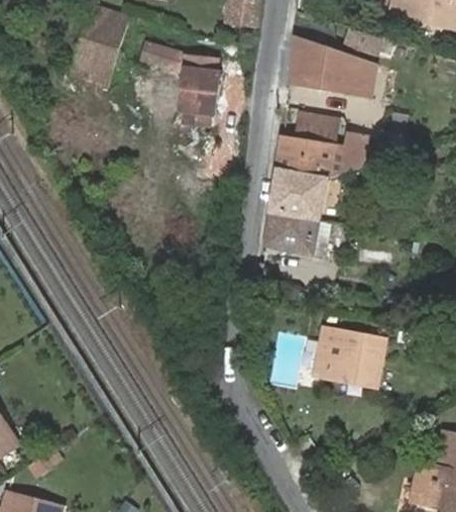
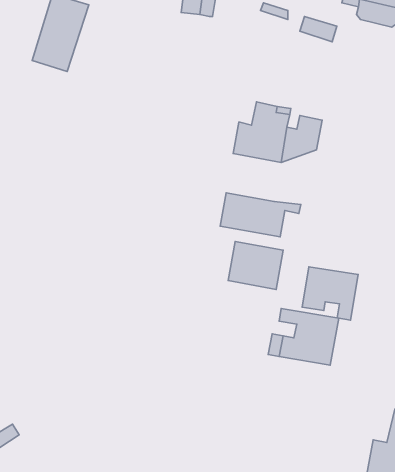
building: [287,36,374,97] -> none
building: [140,42,220,126] -> none
building: [270,169,327,218] -> [228,241,283,289]
building: none -> [302,267,358,320]

